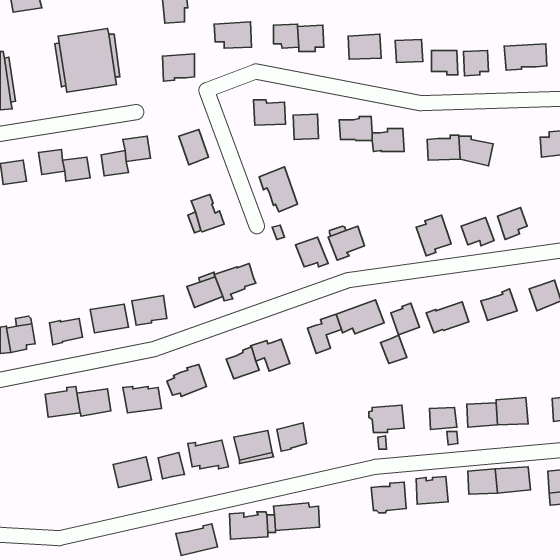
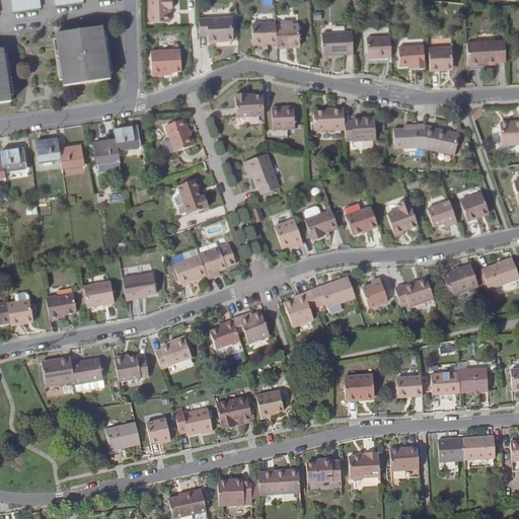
building: none -> [345,207,377,235]
building: [380,335,407,364] -> none
building: none -> [302,453,337,476]

